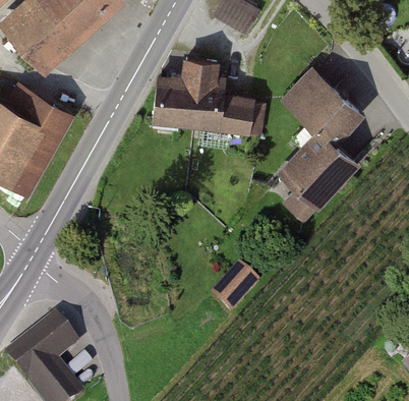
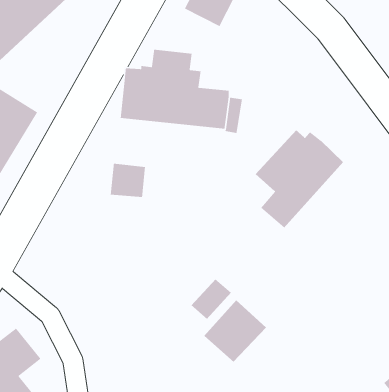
building: [282,66,366,141] -> none
building: none -> [110,163,146,198]
building: none -> [204,299,267,363]

